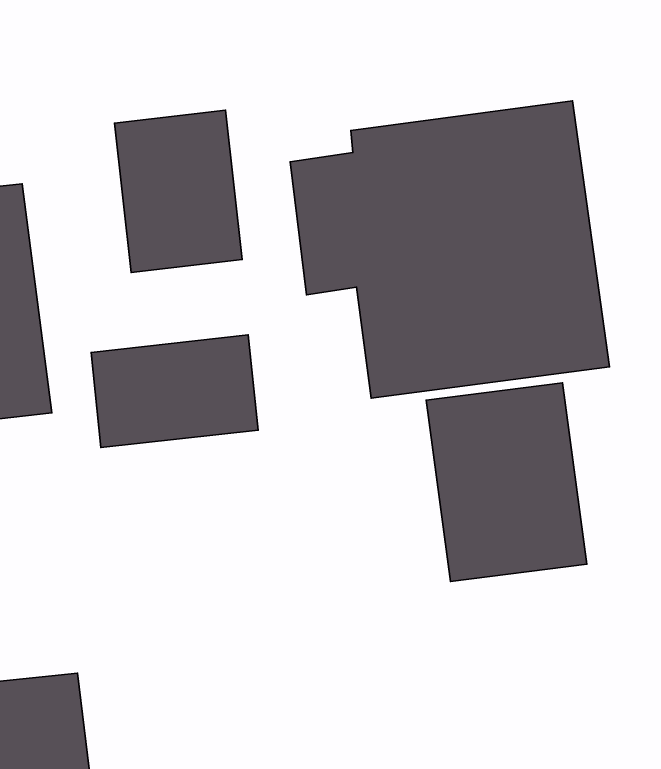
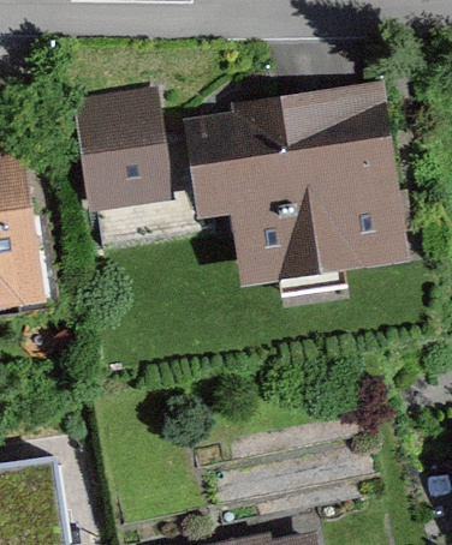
building: [91,335,258,448] -> none
building: [426,383,587,582] -> none

